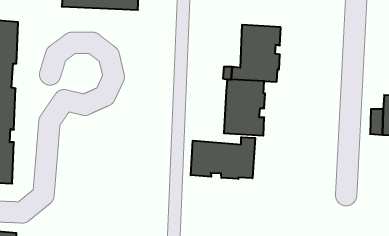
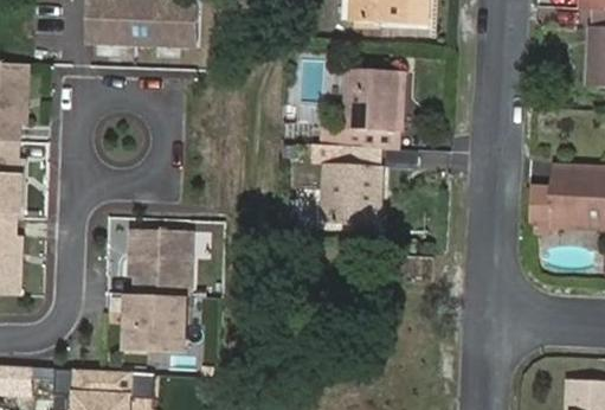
building: [191,137,255,179] -> none
building: none -> [125,229,193,350]

